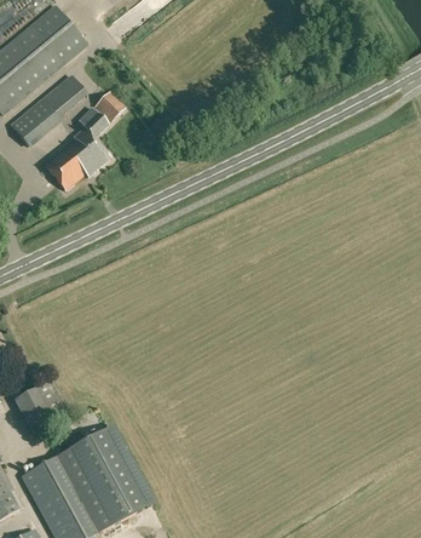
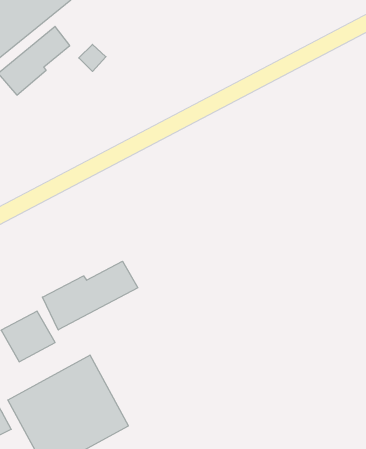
building: [45,108,111,189] -> none
building: none -> [42,261,138,330]

